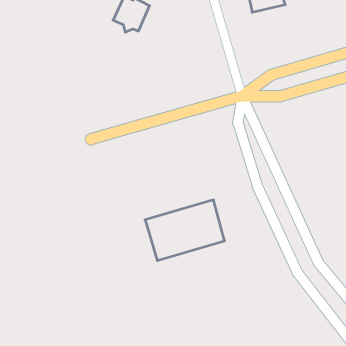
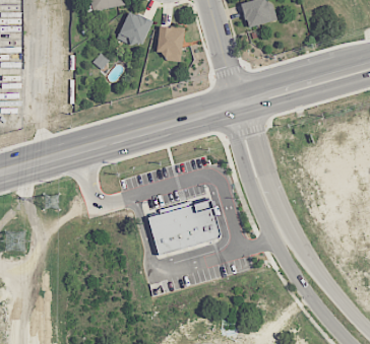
building: none -> [156,26,184,58]

